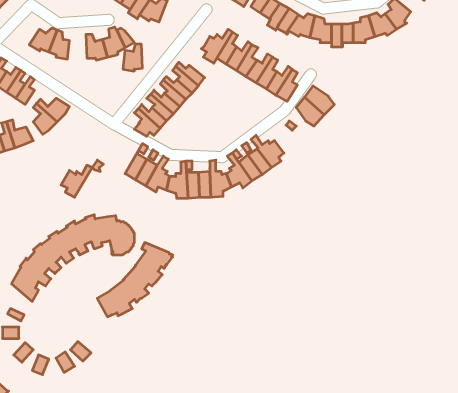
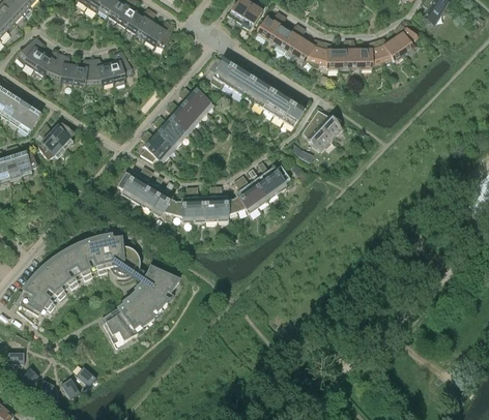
building: none -> [16,37,45,68]
building: [123,44,142,71] -> [73,58,92,85]
building: [61,165,92,197] -> [117,166,148,198]

